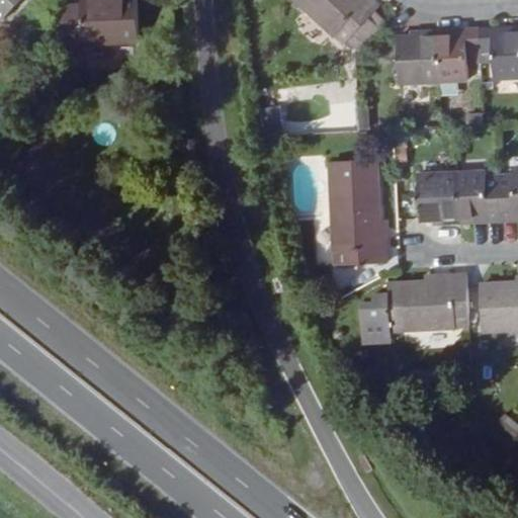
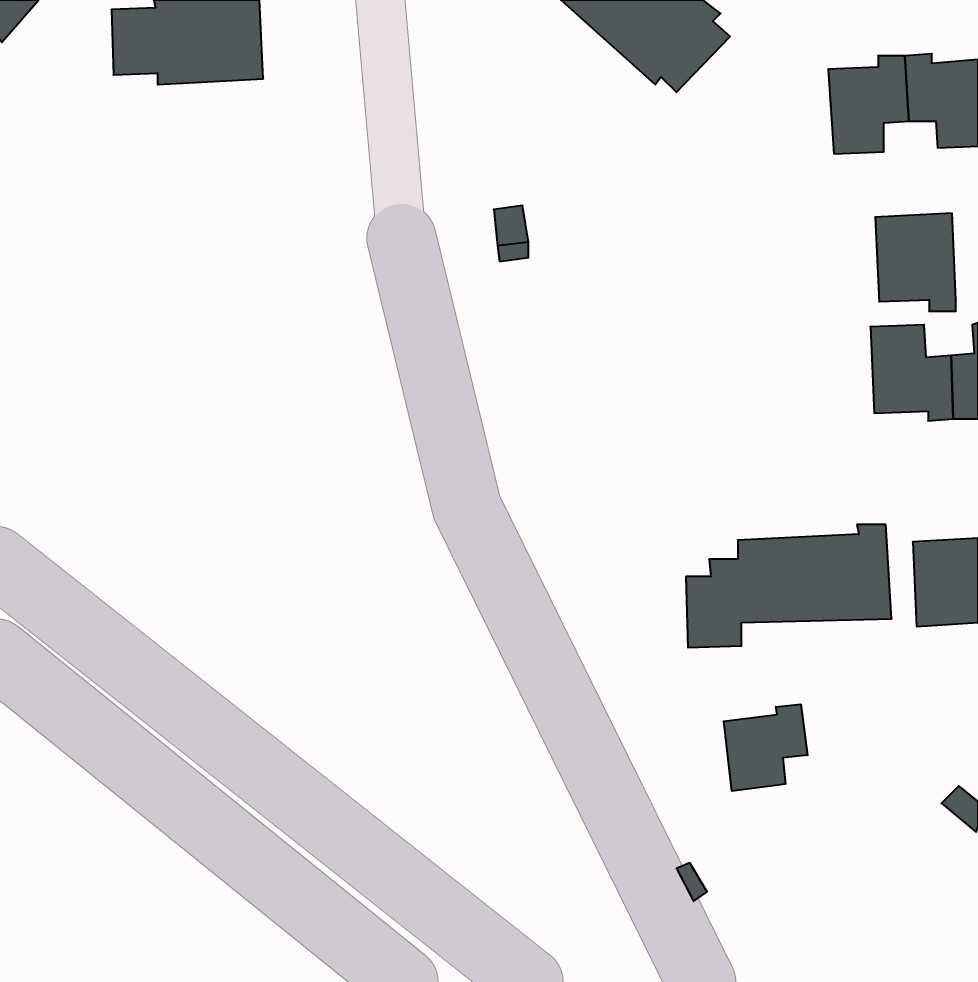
building: [397,31,439,83] -> none
building: [331,160,386,265] -> none
building: [418,172,460,224] -> [875,213,956,311]
building: none -> [724,704,808,791]

